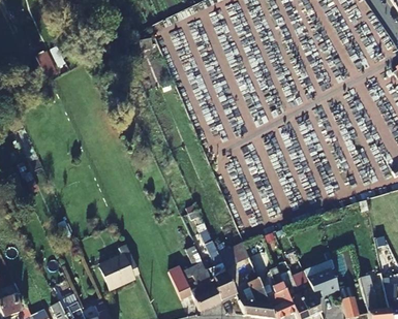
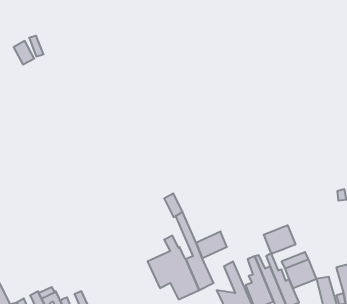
building: none -> [264,225,295,254]
building: [100,244,139,288] -> none

